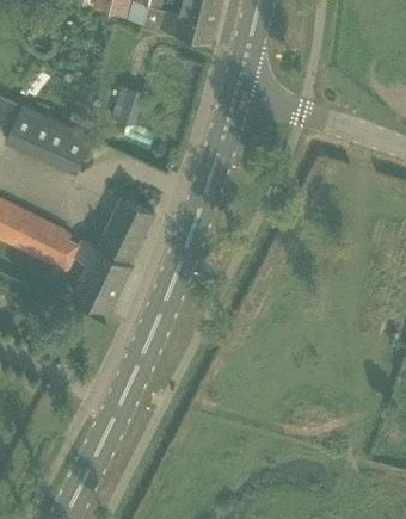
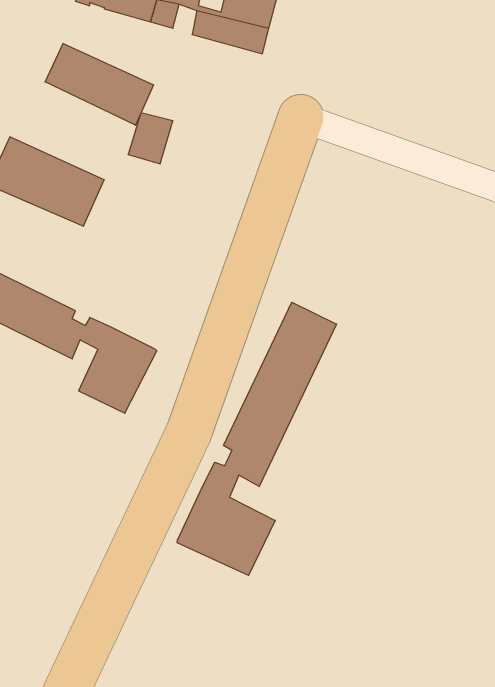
building: none -> [45,43,153,125]
building: [98,199,155,265] -> none
building: none -> [177,302,337,575]

